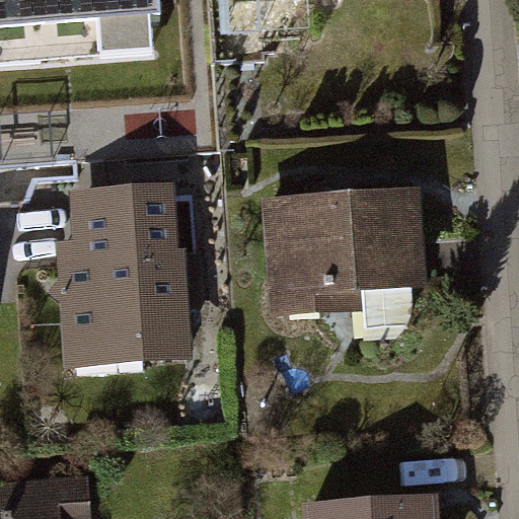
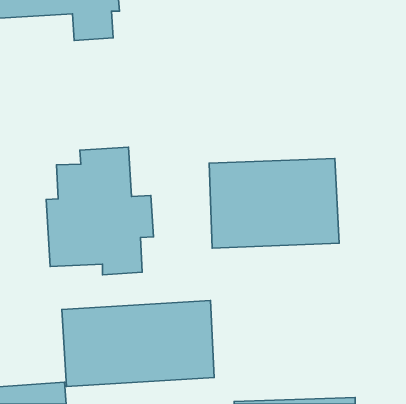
building: none -> [62,300,214,386]

